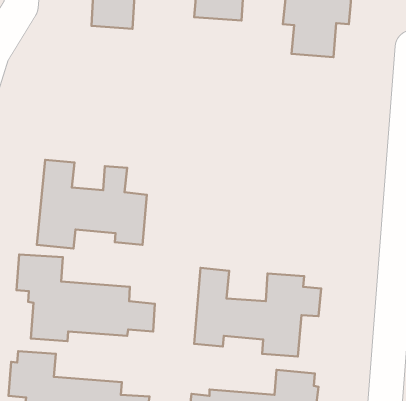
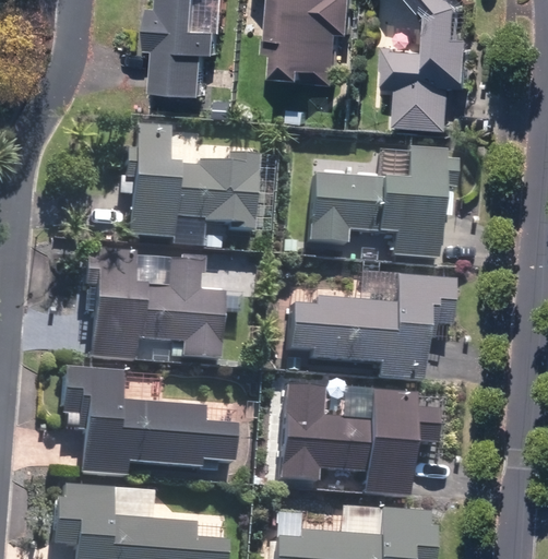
building: none -> [127,123,257,236]
building: none -> [309,147,446,255]
building: none -> [288,273,454,376]

